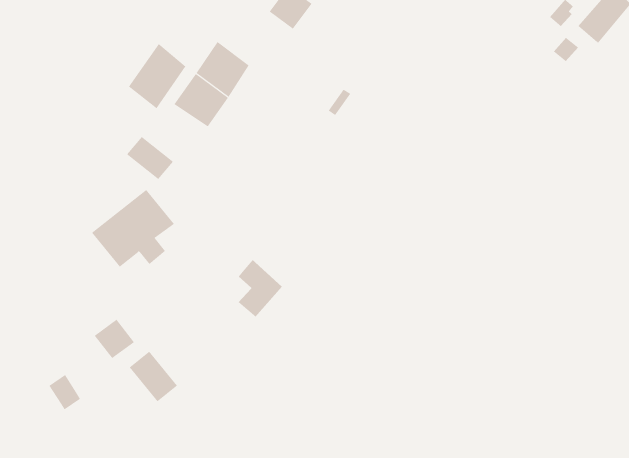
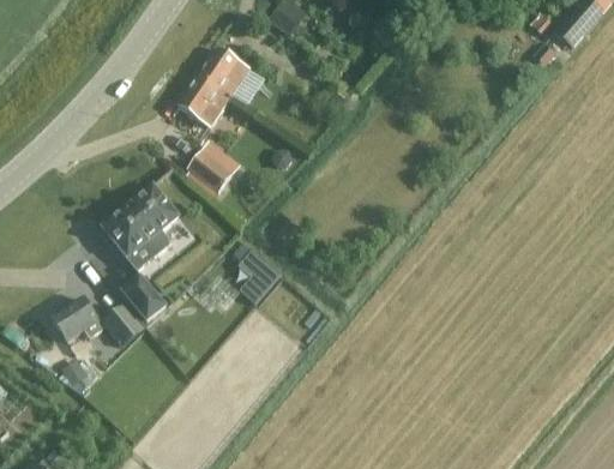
building: [128,43,186,109] -> none
building: [126,136,174,180] -> [188,150,233,191]
building: none -> [53,296,103,339]
building: [129,351,178,402] -> [121,272,167,320]

